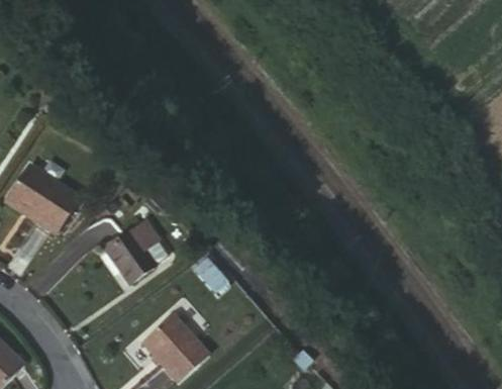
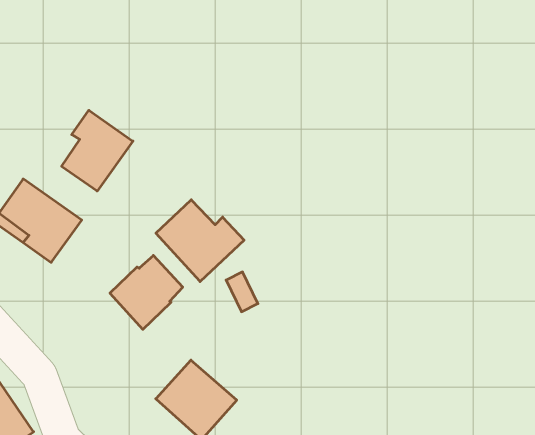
building: none -> [62,110,133,191]
building: none -> [156,200,244,282]

